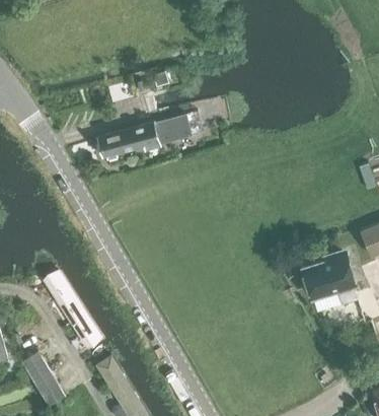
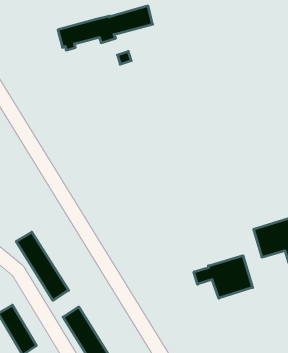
building: [98,112,203,160] -> [58,6,153,50]
building: none -> [194,256,253,298]

